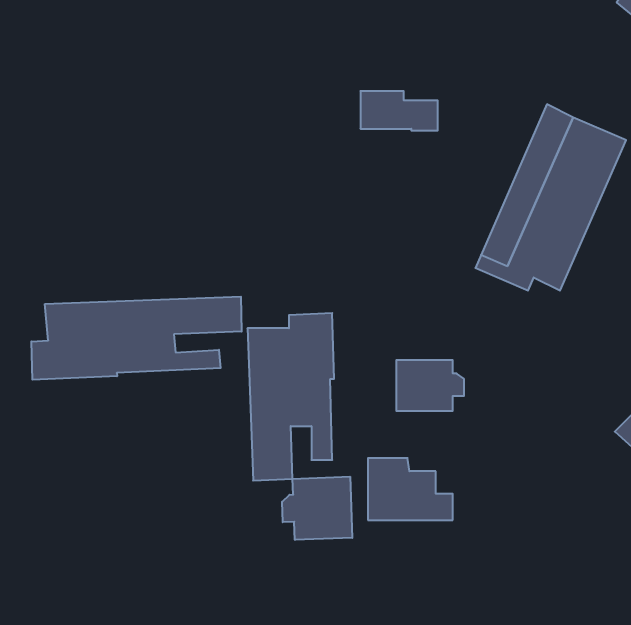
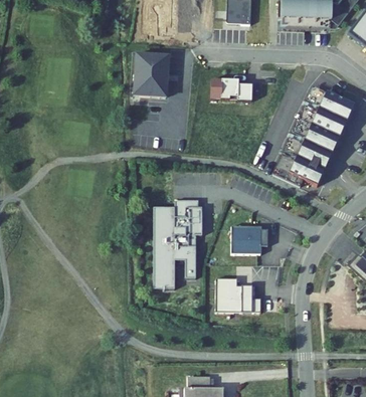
building: none -> [135,50,169,93]
building: [31,297,242,380] -> none
building: [282,477,352,540] -> none

